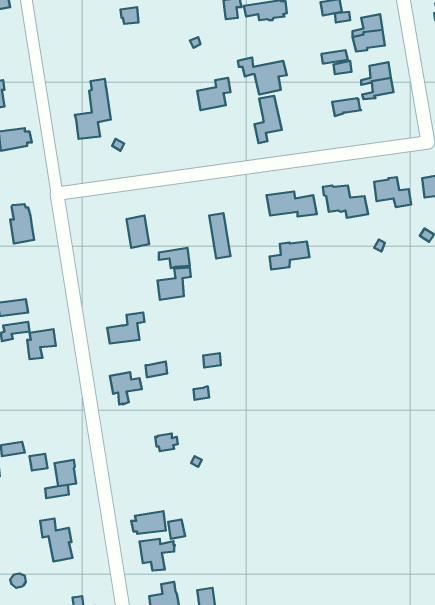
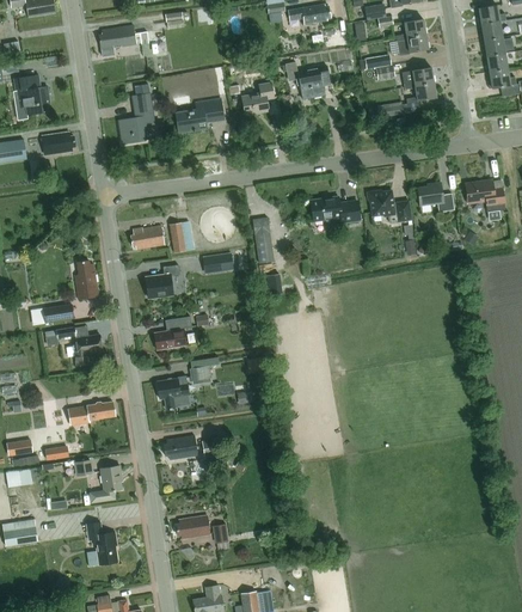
building: none -> [99,25,154,56]
building: none -> [176,99,225,133]
building: [254,96,282,143] -> none
building: [10,204,34,244] -> [75,259,99,299]
building: none -> [131,225,165,249]
building: [270,242,309,269] -> none
building: [157,267,191,300] -> [146,264,179,296]
building: none -> [67,400,117,427]
building: none -> [162,435,198,460]
building: [139,539,175,571] -> none

